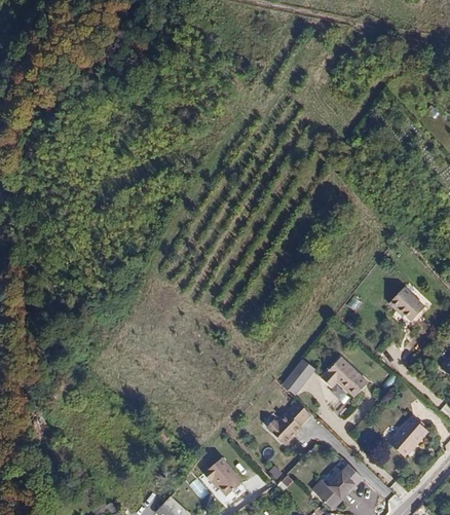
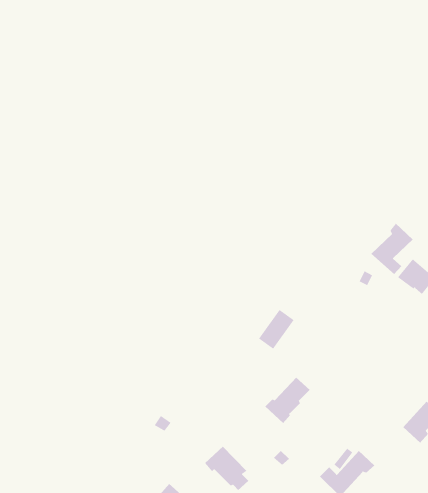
building: none -> [371,223,414,275]
building: [284,358,317,396] -> [258,309,294,350]
building: [322,359,367,399] -> none

